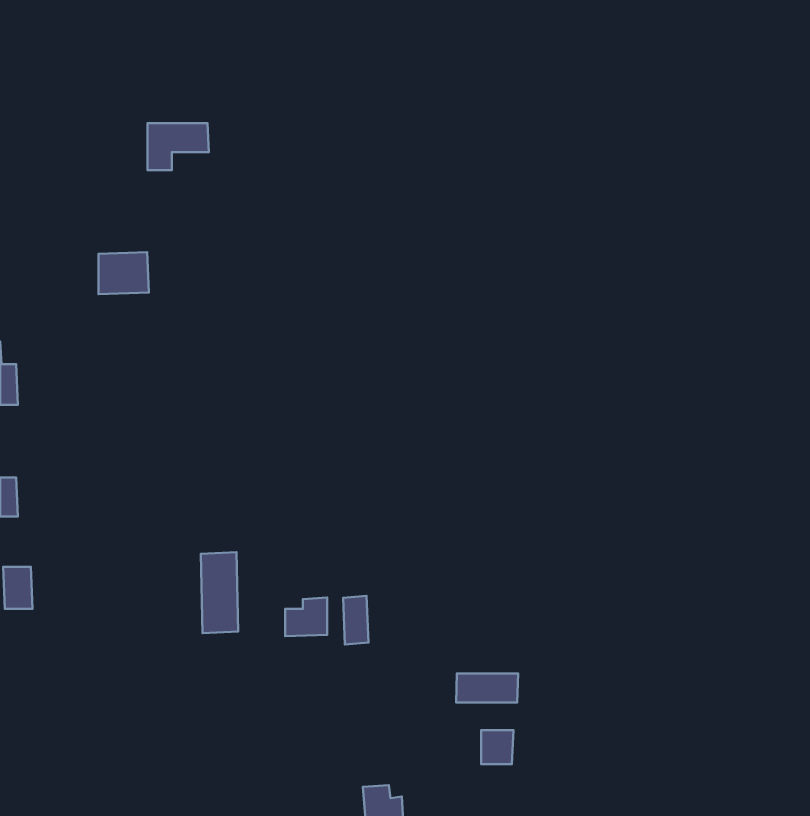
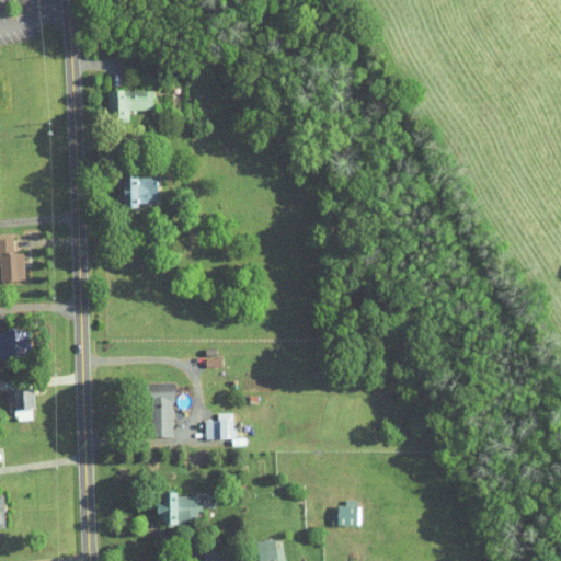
building: [98,252,149,294] -> [124,178,158,206]
building: [343,596,368,644] -> none
building: [456,674,518,702] -> none
building: none -> [157,491,198,523]

